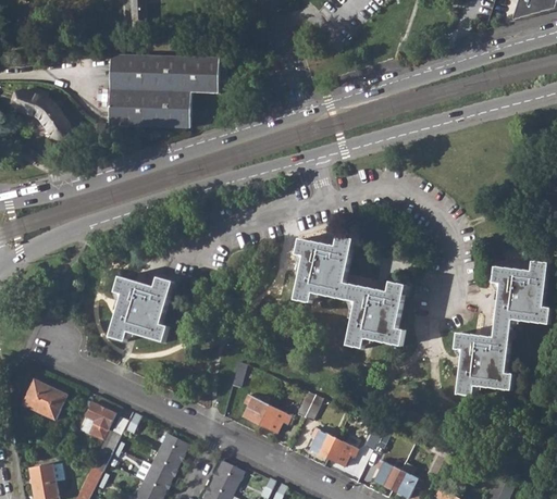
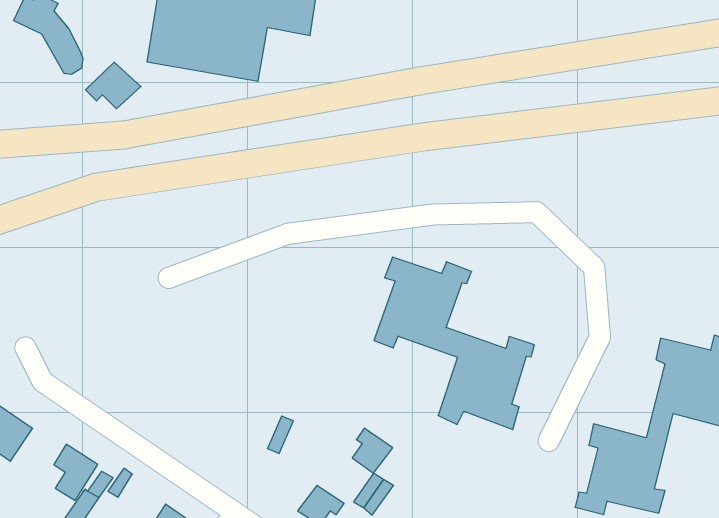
building: none -> [85,62,141,109]
building: [110,276,176,341] -> none
building: [243,394,270,424] -> [352,428,393,473]

